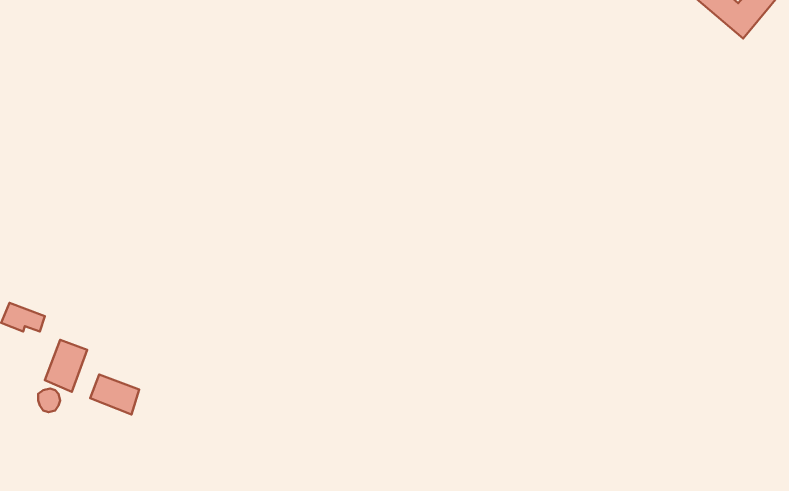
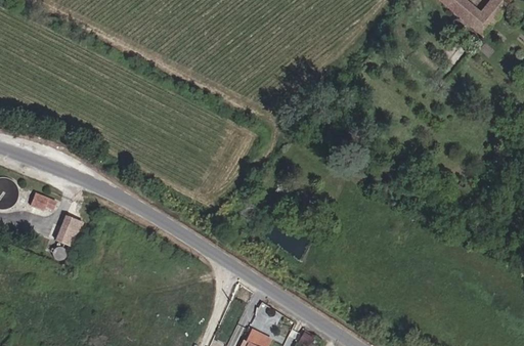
building: [90,375,139,414] -> none

